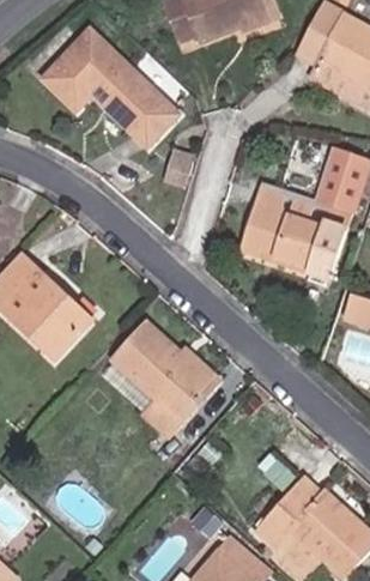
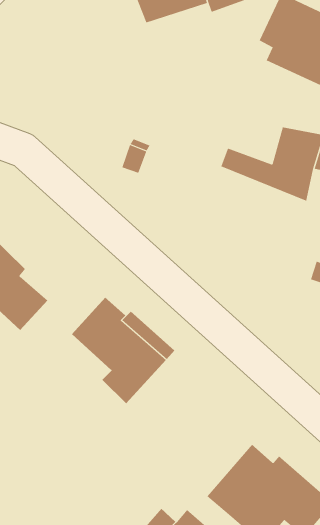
building: [42,31,180,146] -> none
building: [242,189,350,273] -> none

